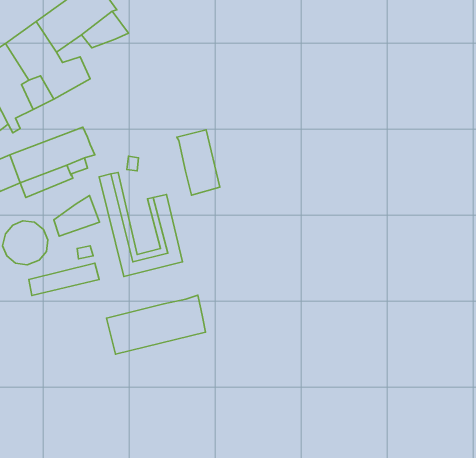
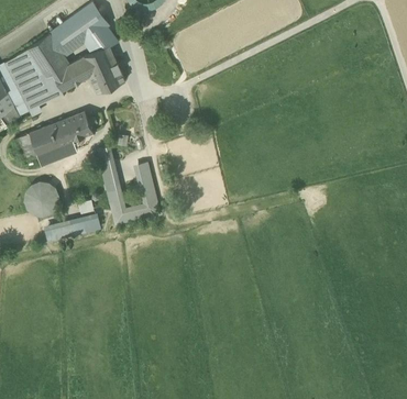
building: none -> [81,46,125,93]
building: [177,130,220,195] -> none
building: [54,196,99,236] -> none
building: [106,295,206,354] -> none

